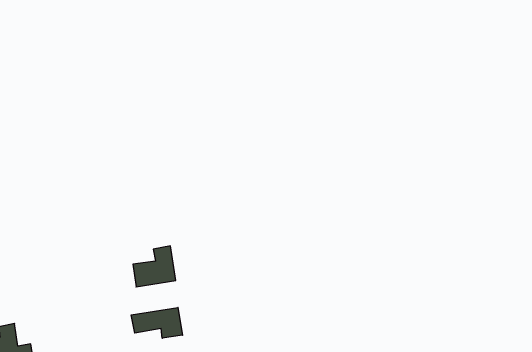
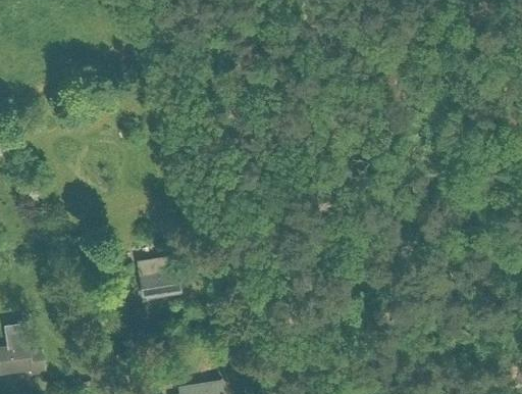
building: [131,307,183,338] -> none

